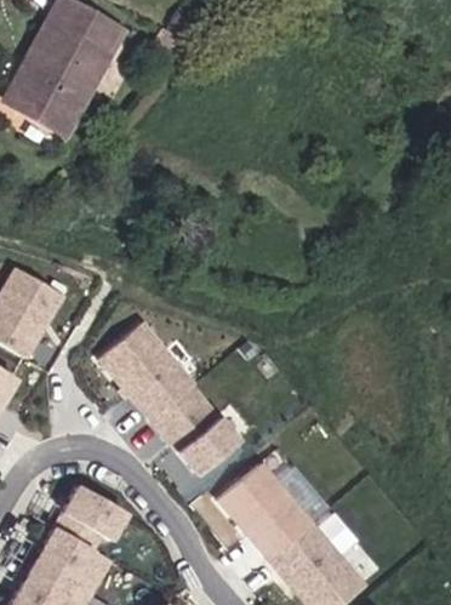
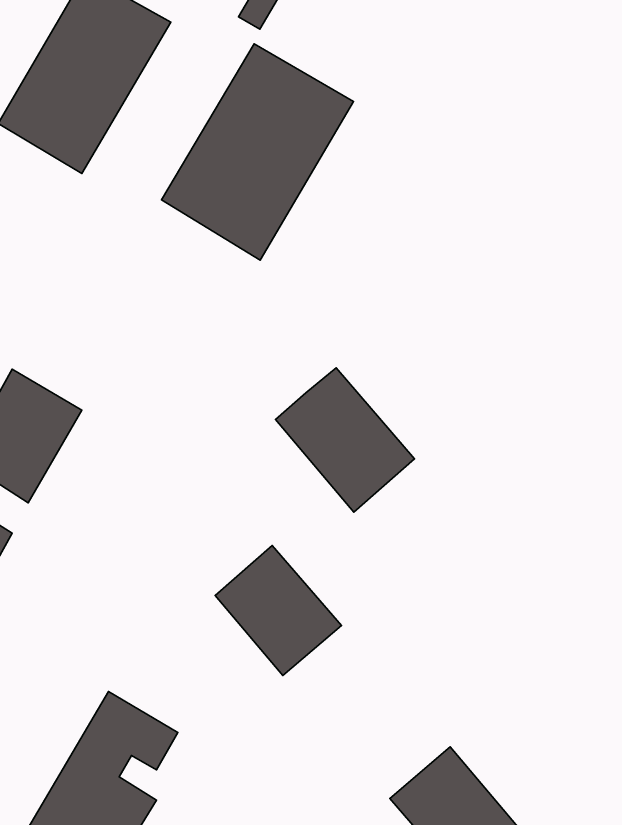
building: none -> [161,44,354,260]
building: [99,324,194,422] -> [276,368,414,512]
building: [219,464,313,560] -> none

